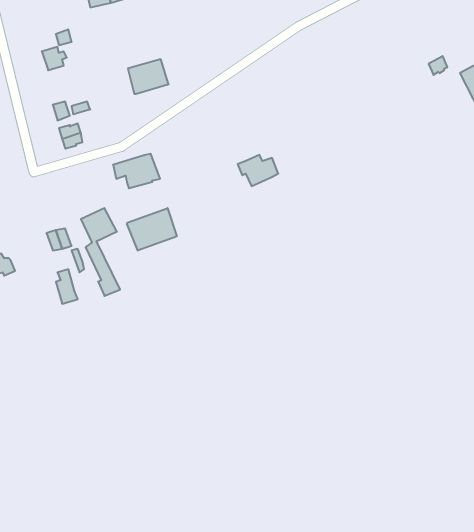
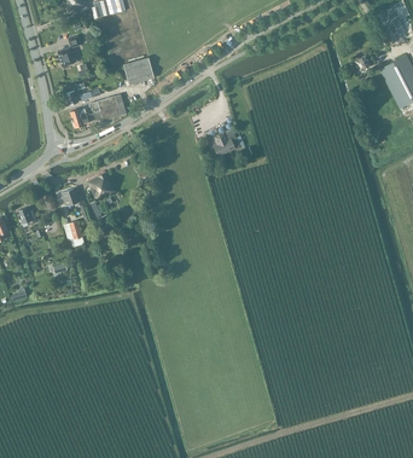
building: [113,154,160,188] -> [91,93,127,120]
building: [127,208,177,251] -> none

